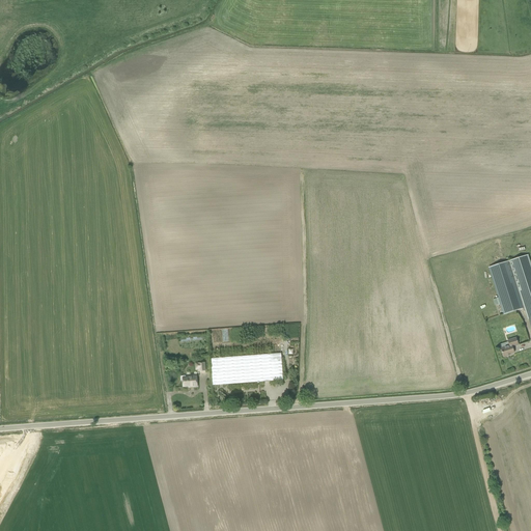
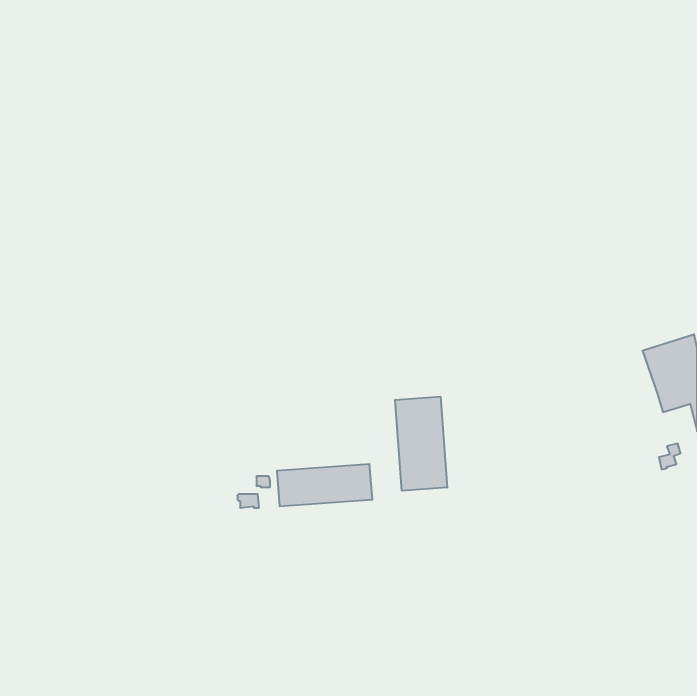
building: none -> [395,397,447,491]

